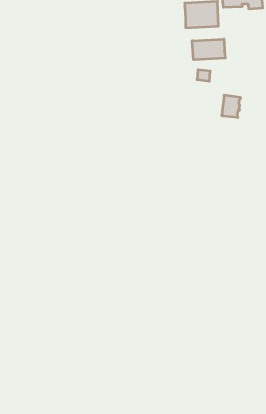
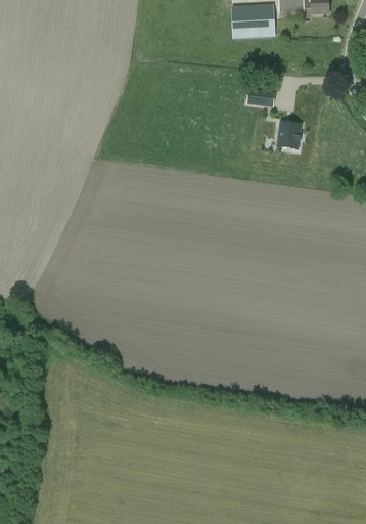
building: [192,39,225,60] -> none

